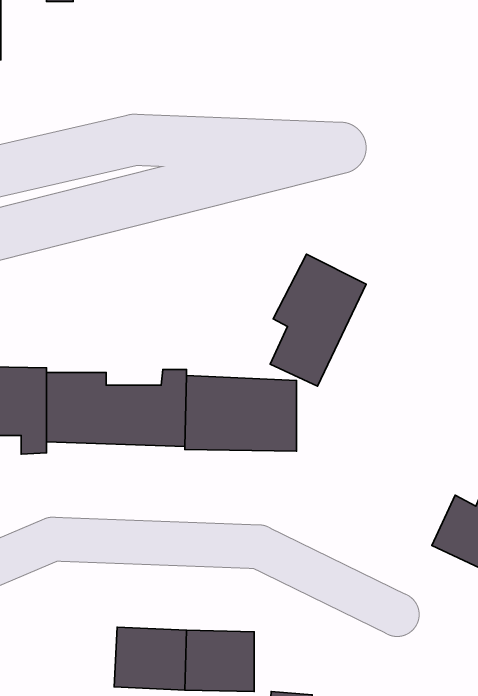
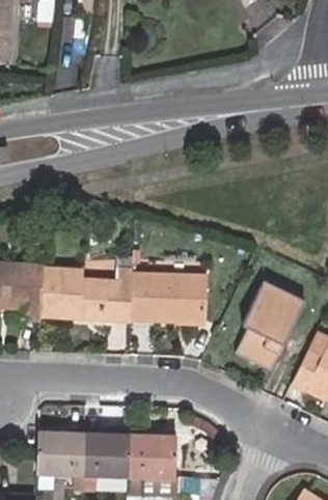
building: [270,254,366,386] -> [240,283,303,370]
building: none -> [38,433,86,474]

